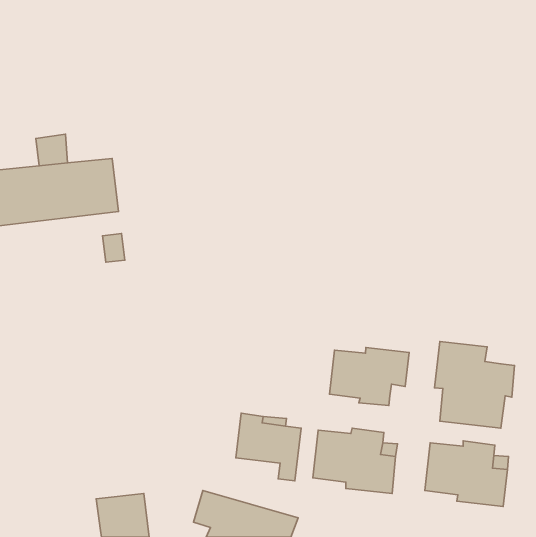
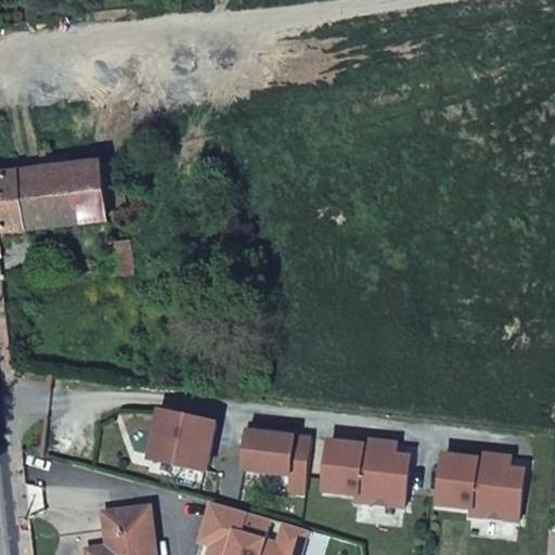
building: [435,342,514,428] -> none
building: [330,347,409,406] -> none
building: none -> [149,411,214,470]

